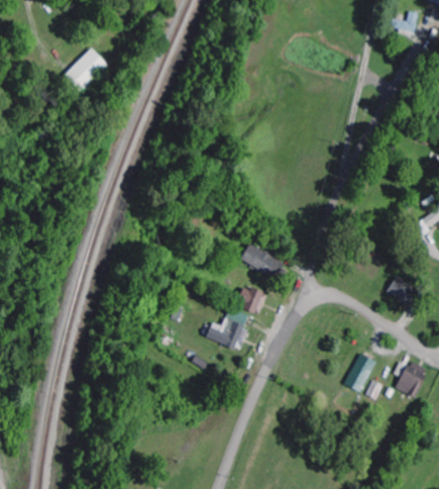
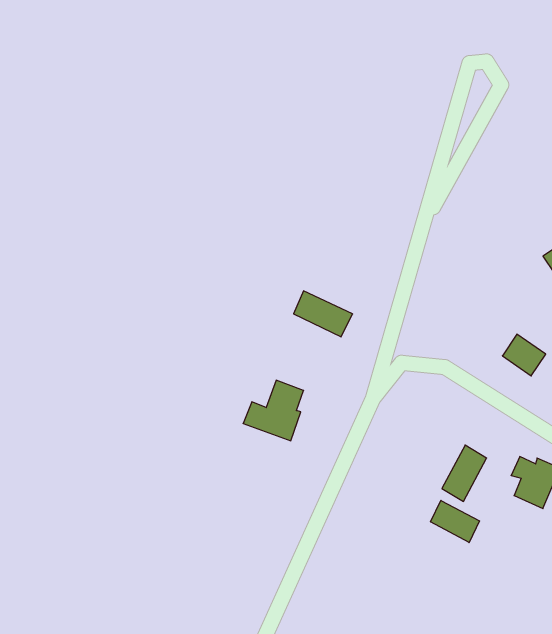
building: [65,47,108,91] -> none
building: [236,285,267,315] -> none
building: none -> [431,500,479,543]

